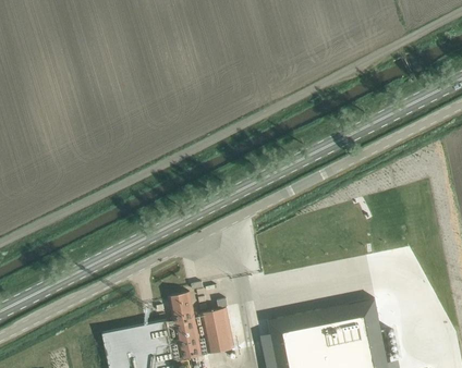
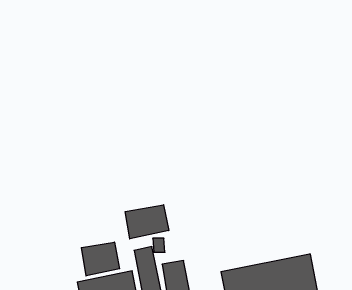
building: none -> [125,205,169,239]
building: none -> [81,242,120,276]

